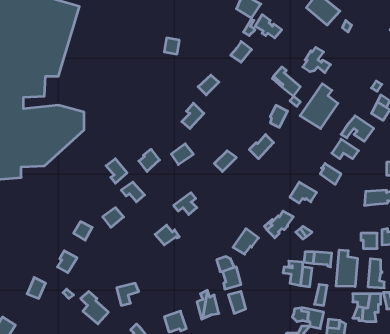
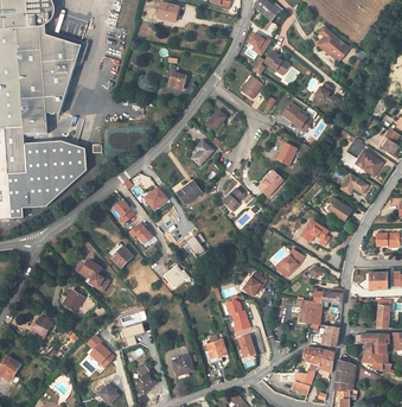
building: [300,84,338,129] -> none
building: [336,250,357,287] -> none

